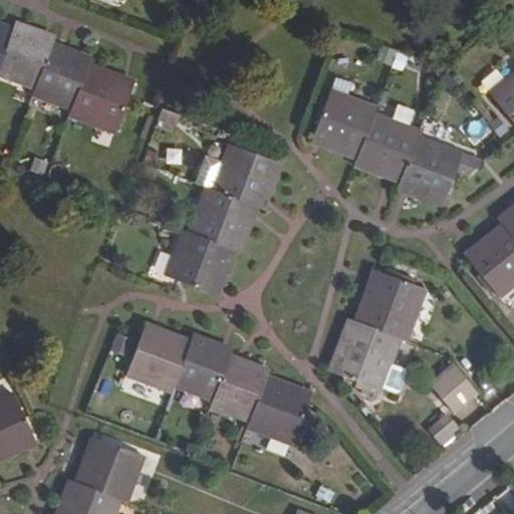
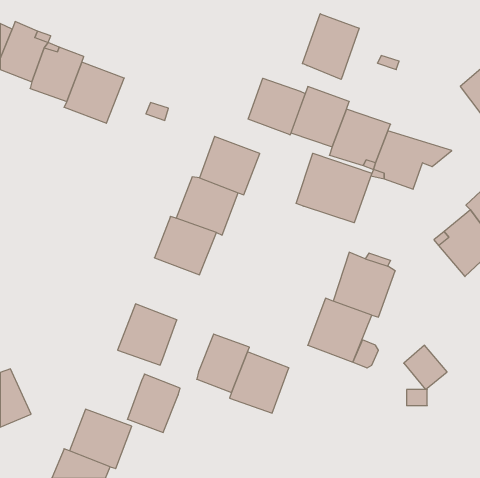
building: none -> [302,14,359,79]
building: none -> [248,78,305,135]
building: none -> [296,153,372,223]
building: [175,334,231,397] -> [127,374,180,432]

